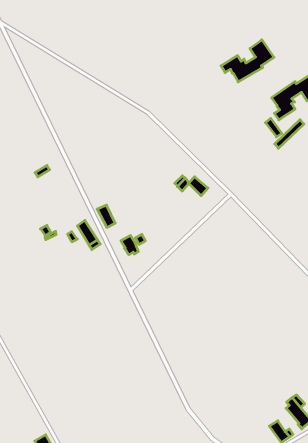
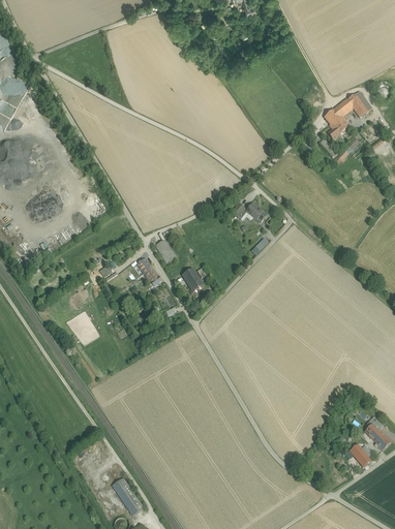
building: [221,40,274,82] -> none

